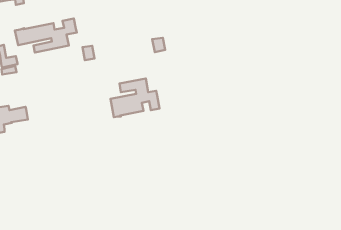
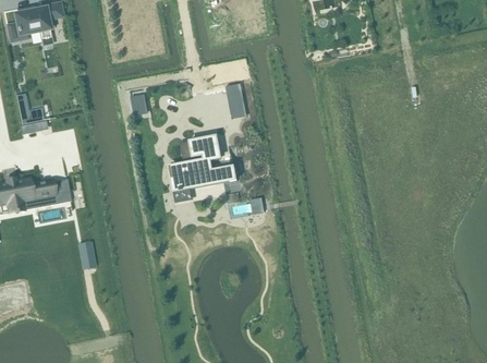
building: [15,18,77,53] -> none

